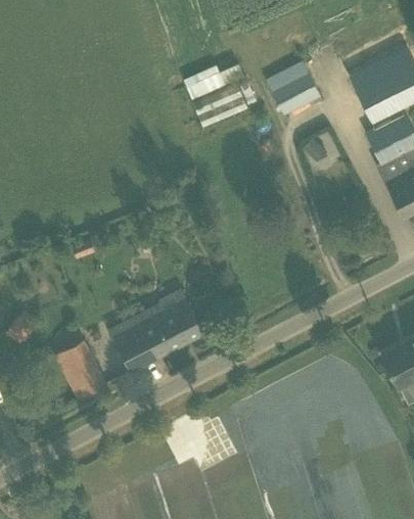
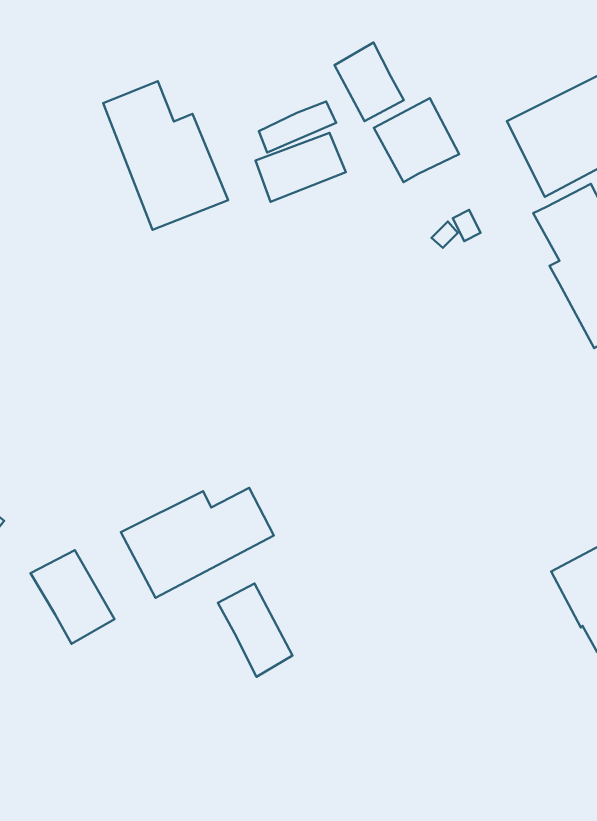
building: none -> [335,43,404,121]
building: none -> [103,81,228,230]
building: none -> [218,584,292,677]

